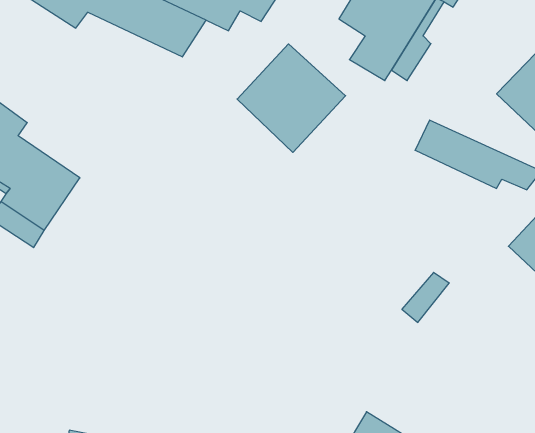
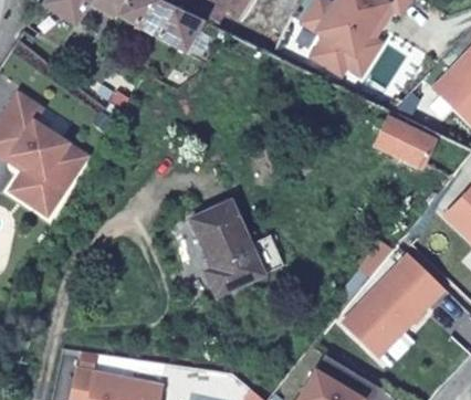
building: [237,44,346,152] -> none
building: none -> [190,201,264,296]
building: none -> [345,255,444,356]

